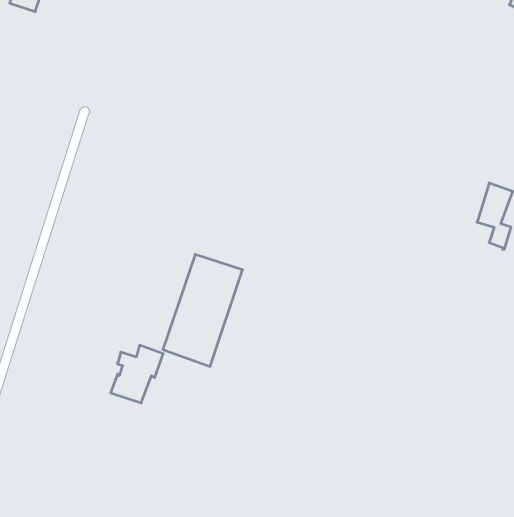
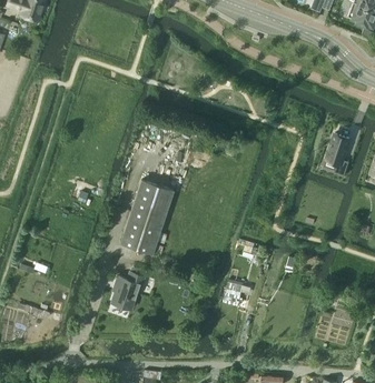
building: [111,345,163,403] -> [110,271,145,309]

